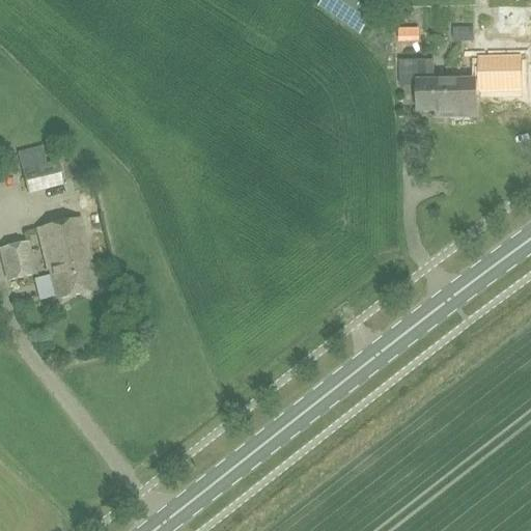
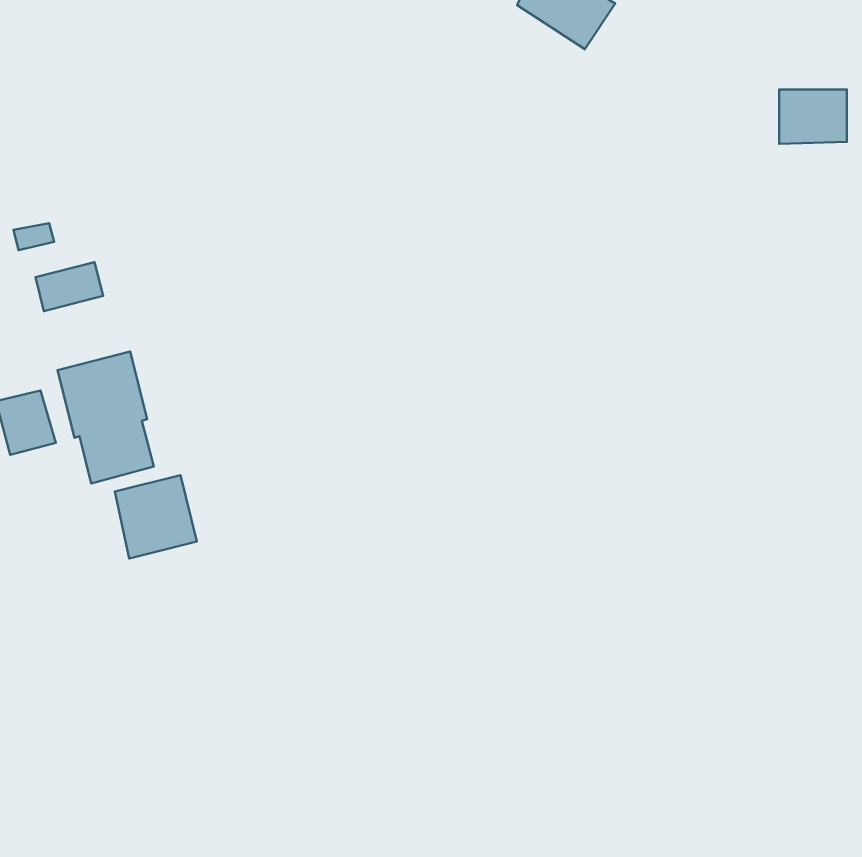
building: [415,58,478,114] -> none
building: none -> [115,475,197,558]

